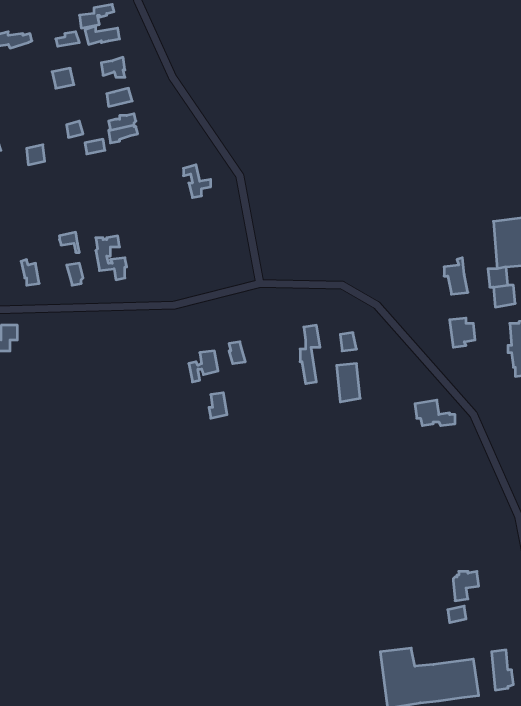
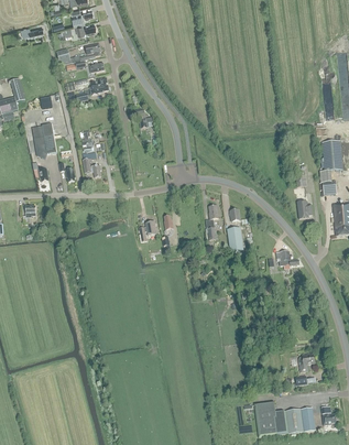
building: none -> [32,123,57,158]

